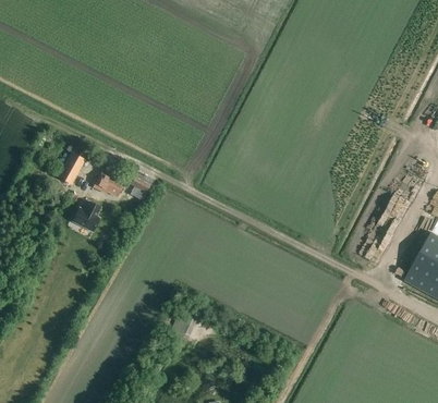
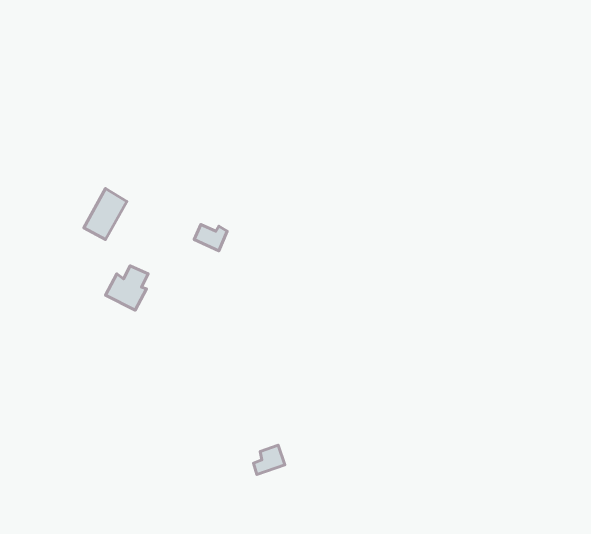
building: [93,169,123,196] -> none

